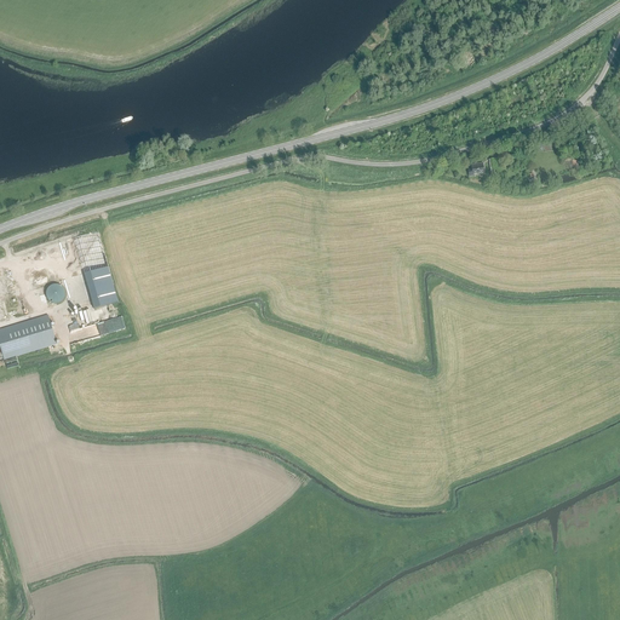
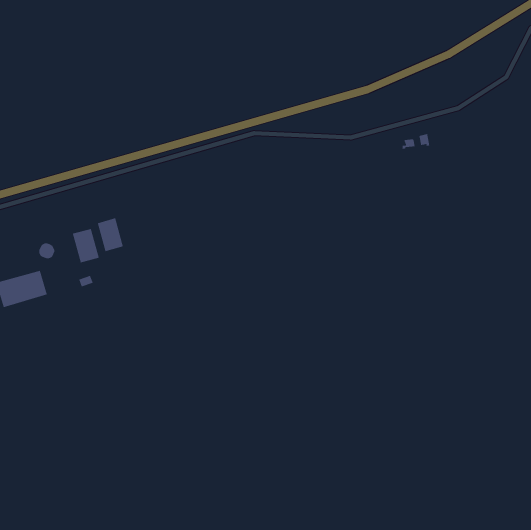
building: none -> [97,217,124,252]

